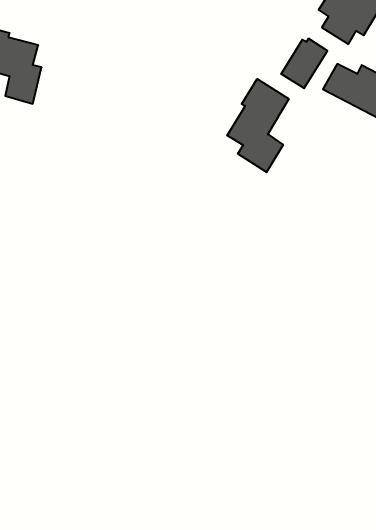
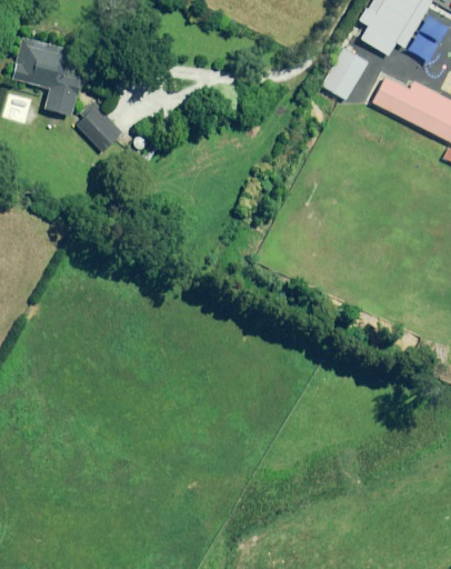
building: [227,79,289,172] -> none
building: none -> [76,101,124,151]

